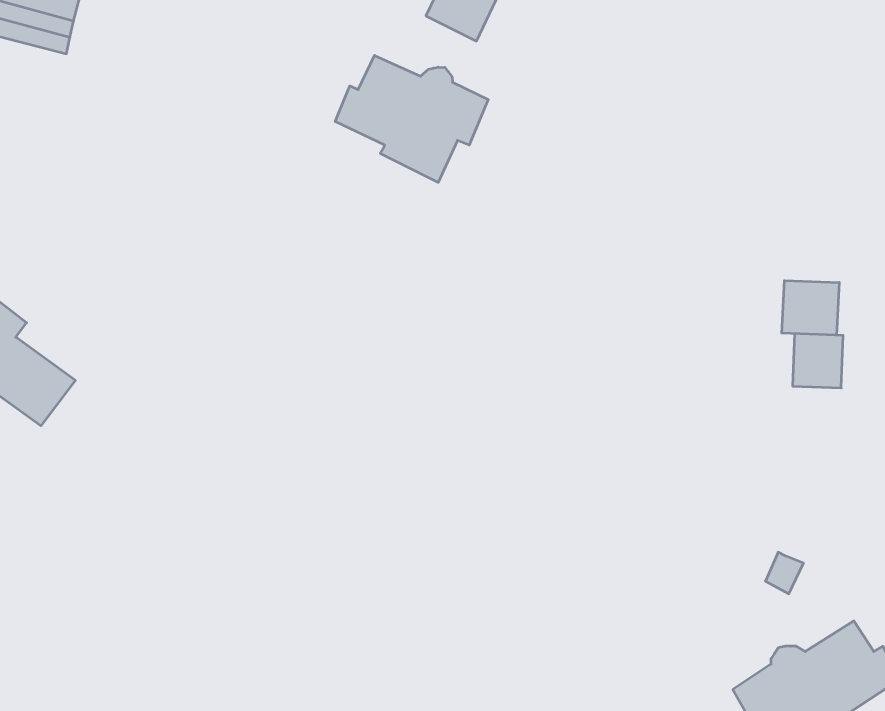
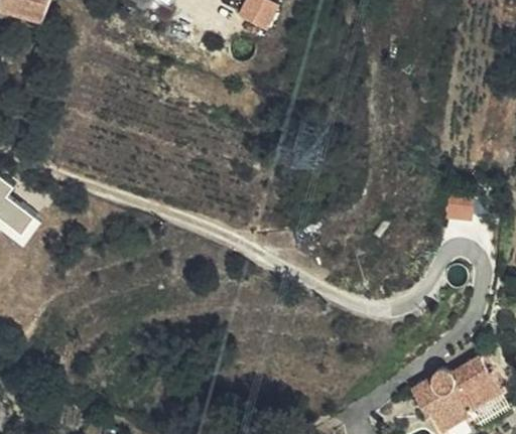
building: [335,55,488,182] -> none
building: [782,281,839,335] -> none

